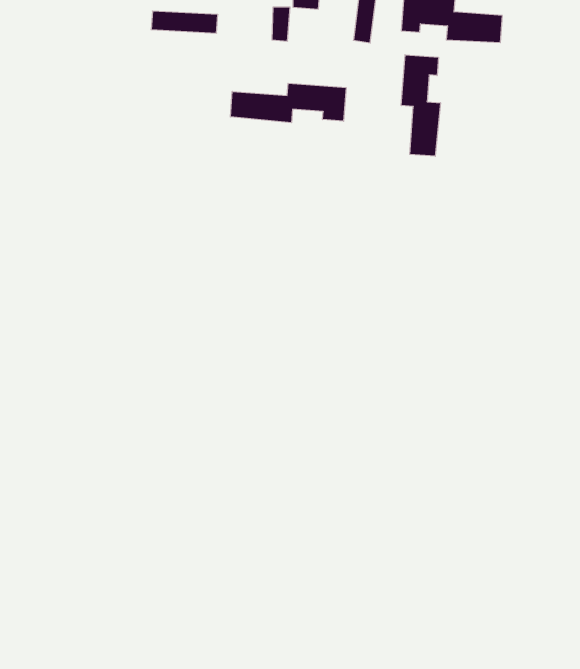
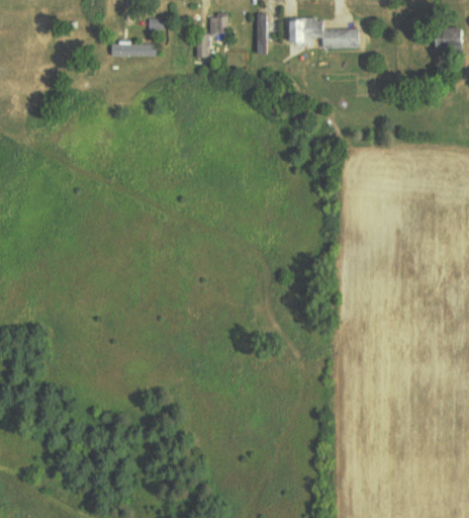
building: [401,55,440,156] -> none
building: [230,83,346,123] -> none

